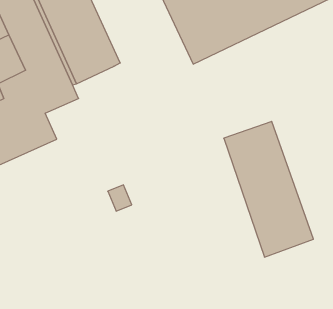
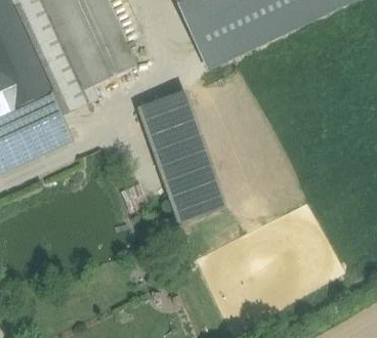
building: [224,121,313,257] -> [137,90,225,223]

